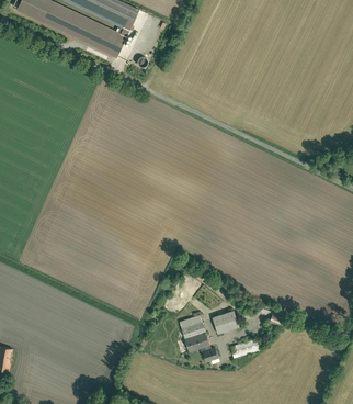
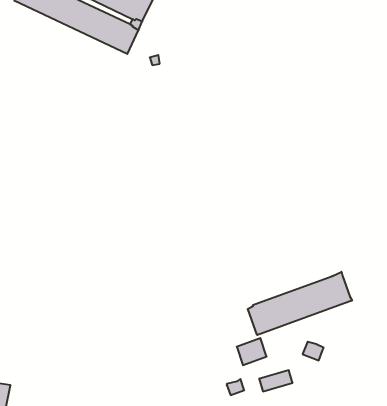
building: none -> [248,272,352,335]
building: [180,315,210,354] -> none

